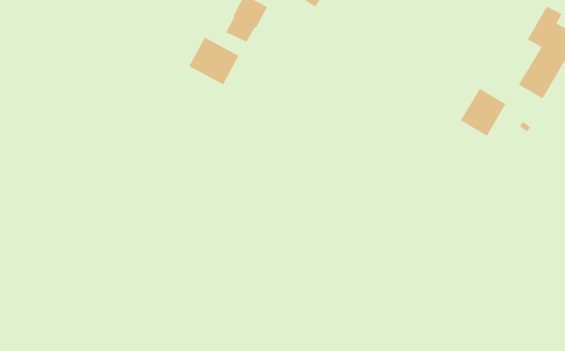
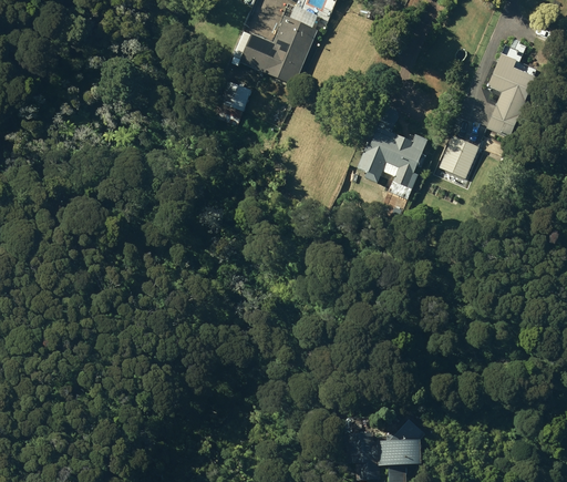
building: [188,36,240,86] -> none
building: none -> [358,123,429,186]

